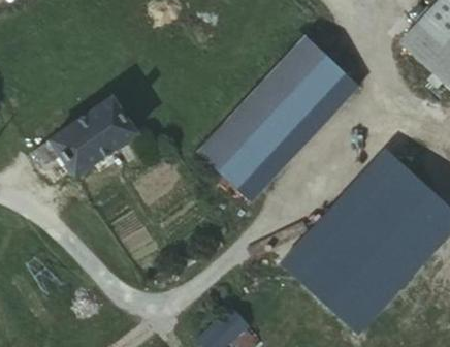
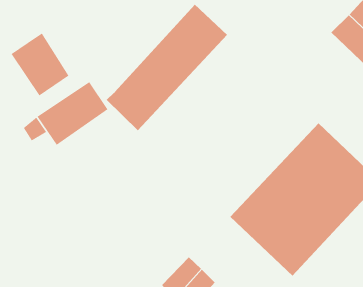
building: [198,34,344,186] -> [106,4,228,131]
building: none -> [10,33,70,96]

